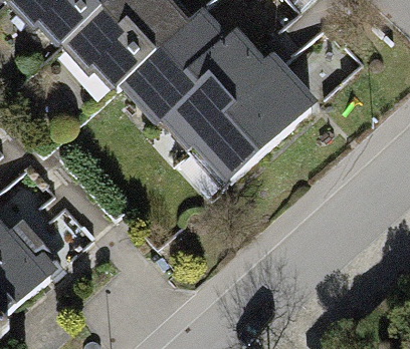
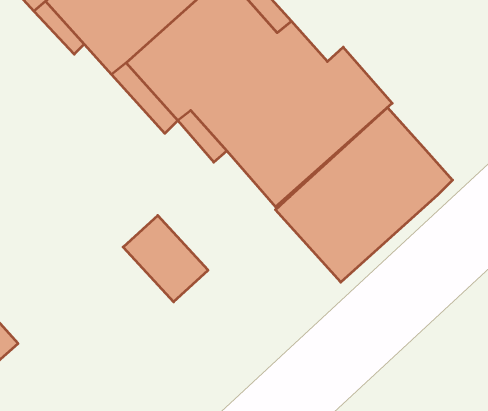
building: none -> [275,107,453,282]

